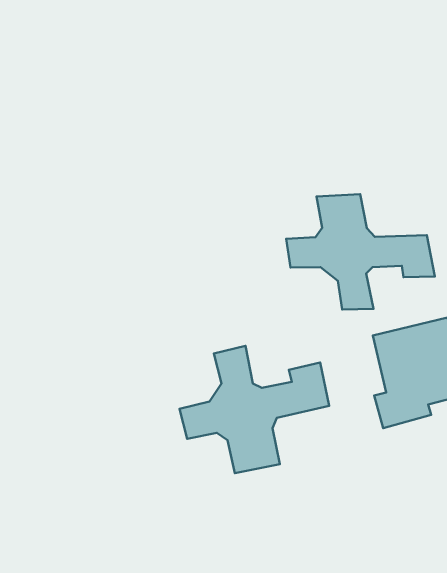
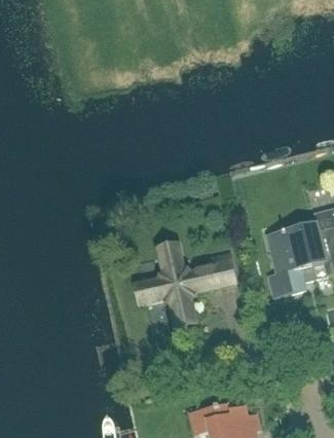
building: [286,194,435,310] -> none

